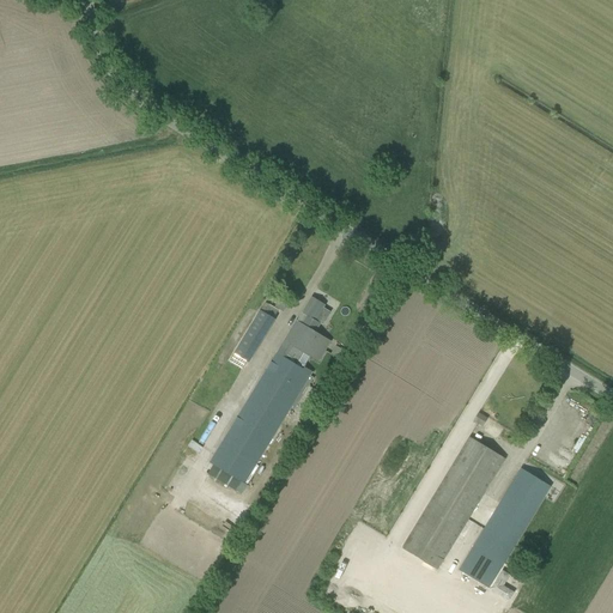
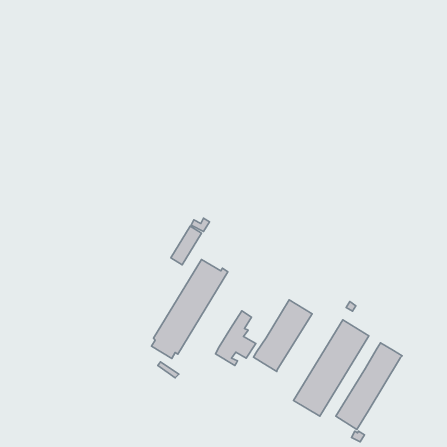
building: [277,296,332,370] -> [216,311,256,365]
building: none -> [254,300,312,372]

